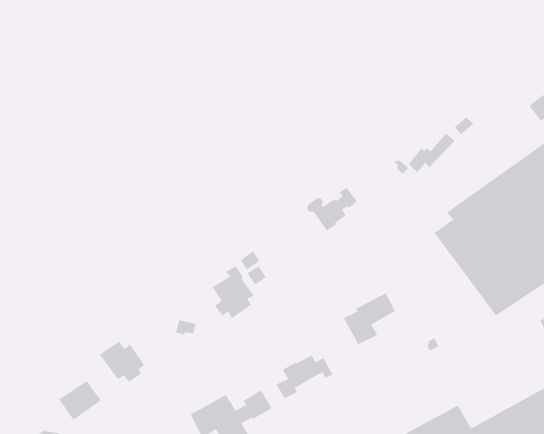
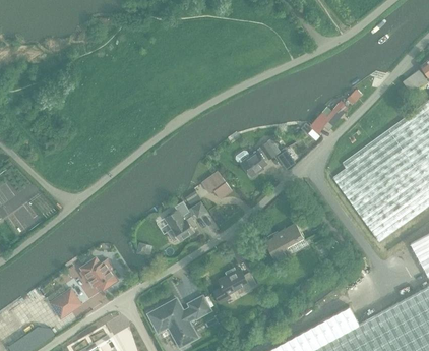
building: none -> [201,171,231,198]

